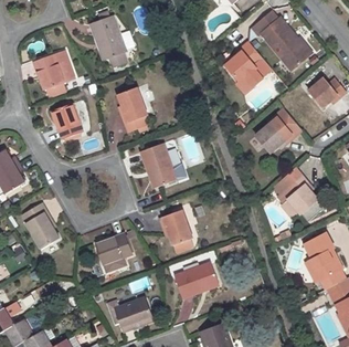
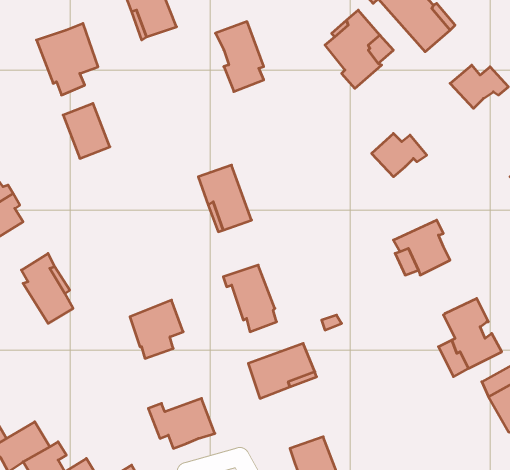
building: [116,86,148,133] -> [215,22,264,92]

